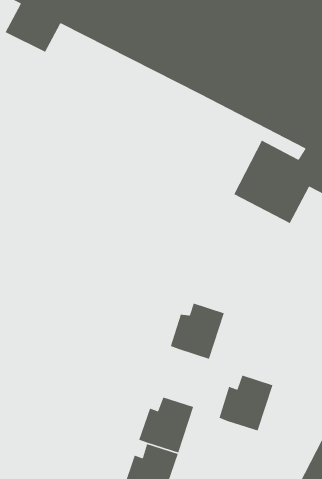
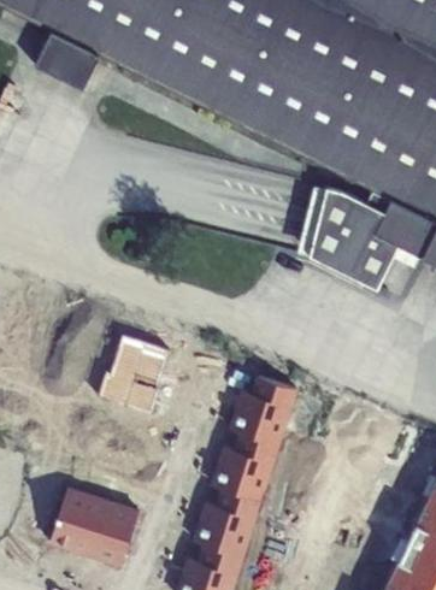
building: none -> [98,335,170,413]
building: [218,374,274,432] -> [212,435,277,502]
building: none -> [48,491,139,568]

